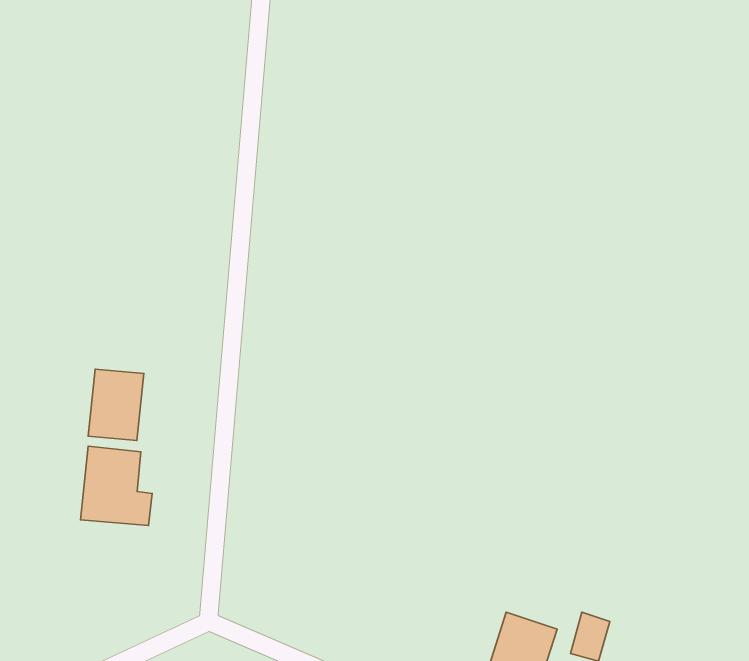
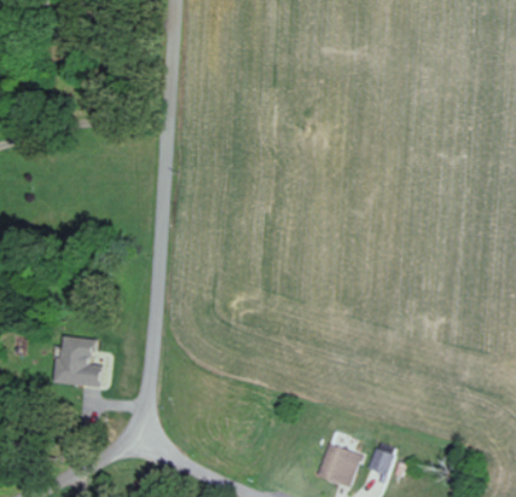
building: [88,369,144,441] -> none

